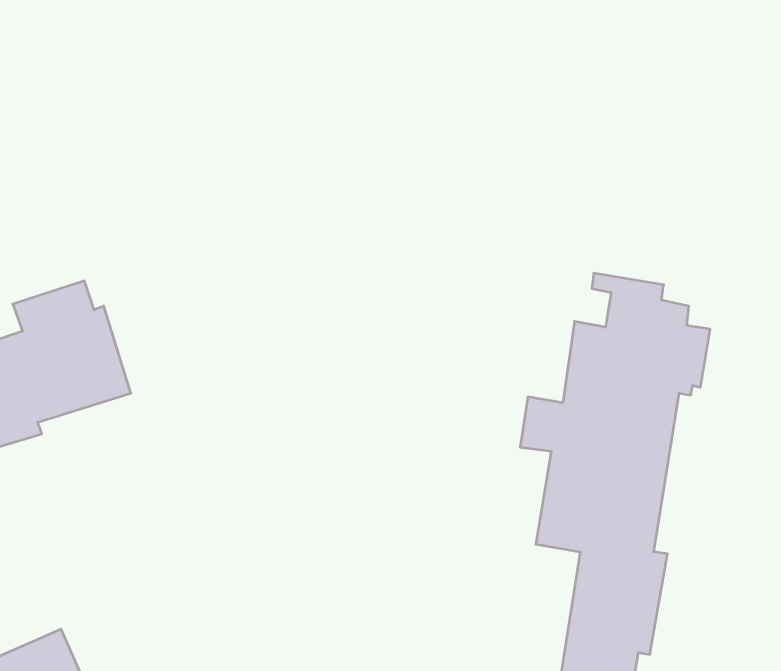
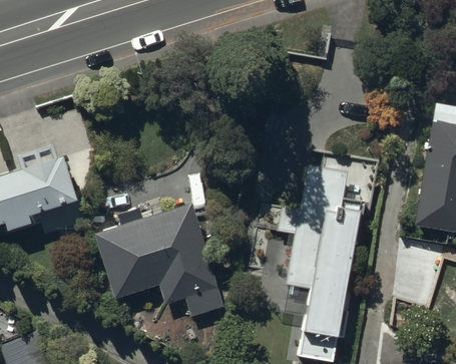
building: none -> [93,206,223,317]

